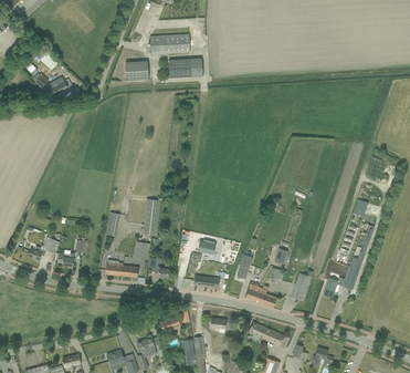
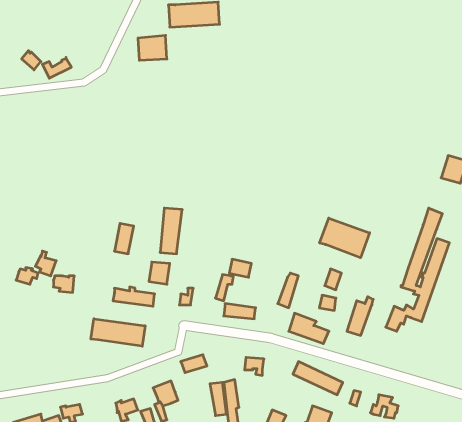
building: [168,58,202,76] -> none
building: none -> [320,218,370,258]
building: none -> [91,319,145,346]

